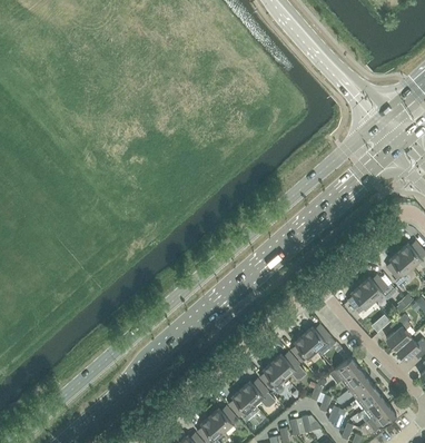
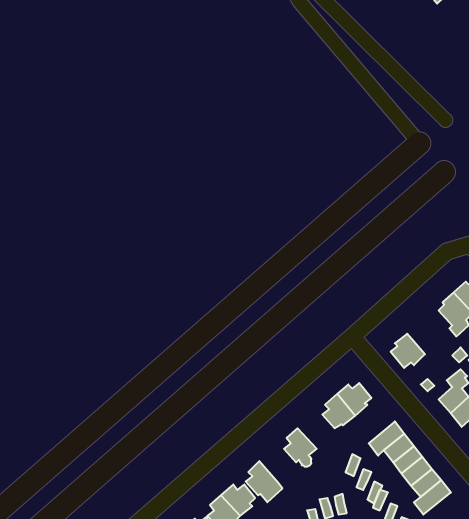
building: [359,276,395,302] -> none
building: [270,353,306,381] -> none
building: [239,380,275,407] -> none

